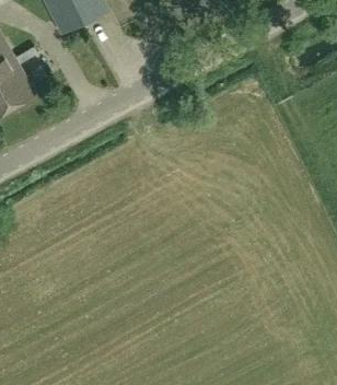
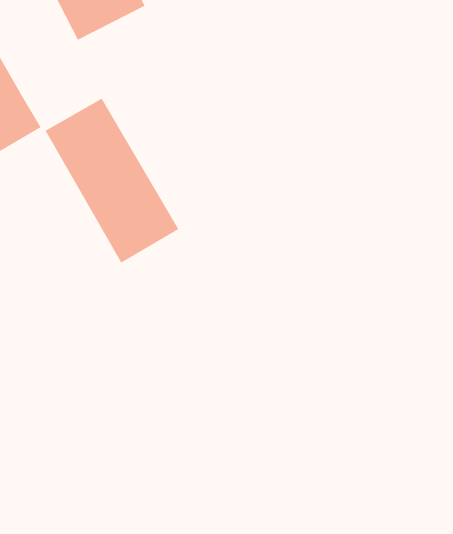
building: none -> [45,98,179,263]

